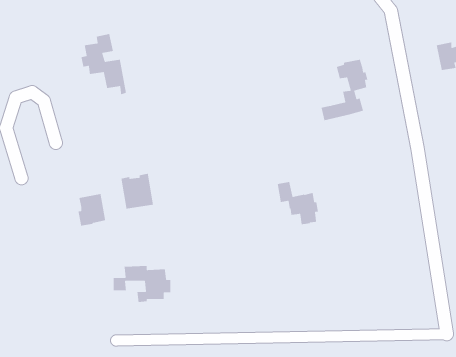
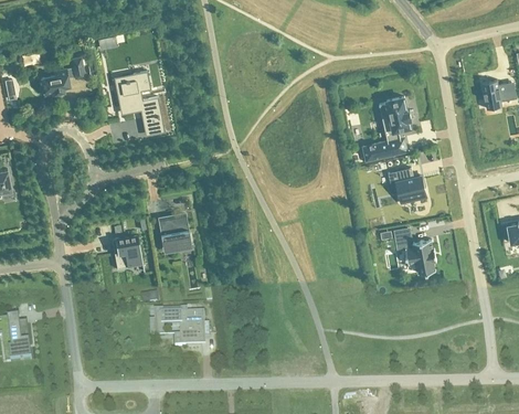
building: none -> [40,57,83,96]
building: none -> [395,169,425,203]
building: [277,181,319,225] -> [393,229,436,274]

